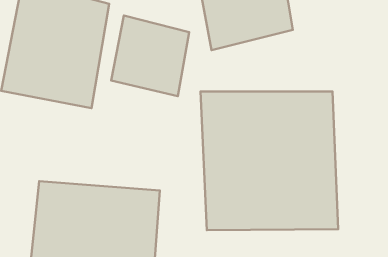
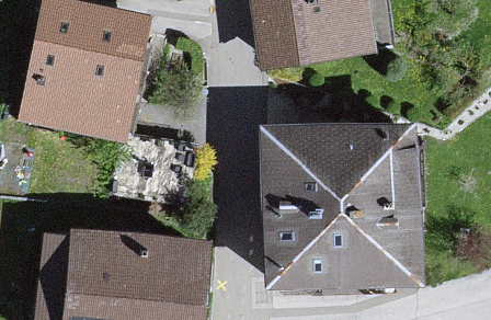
building: [111,15,189,96] -> none

